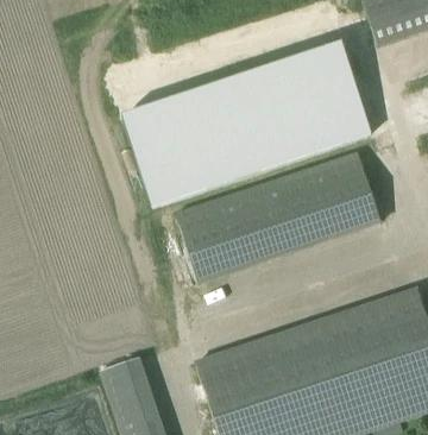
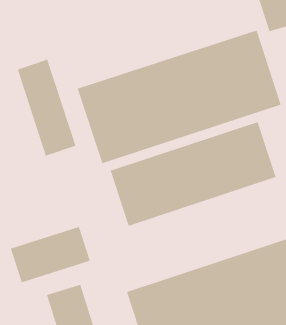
building: none -> [17,59,76,156]
building: none -> [10,226,90,283]

